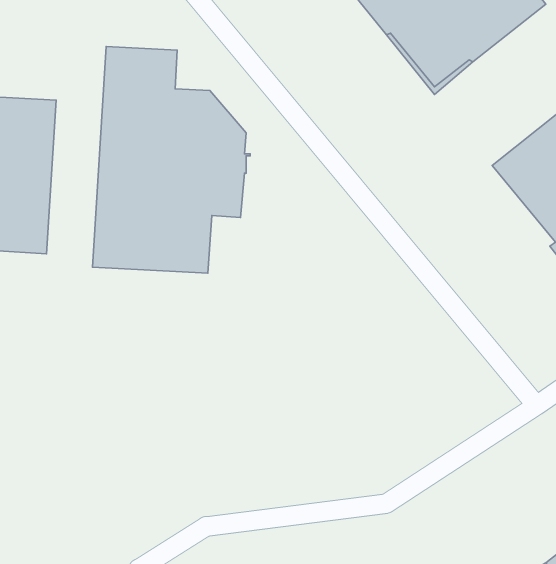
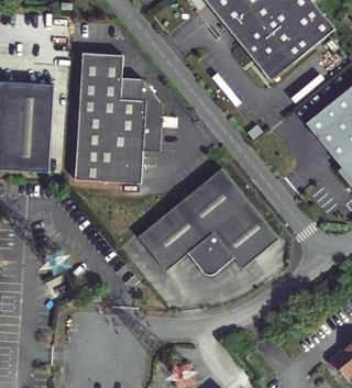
building: none -> [138,168,279,275]

